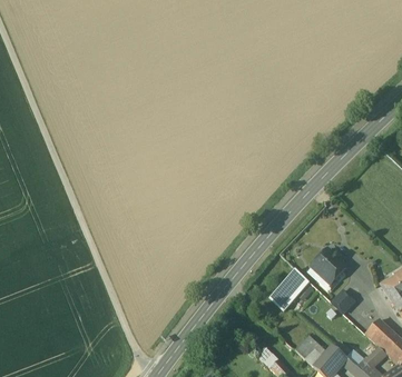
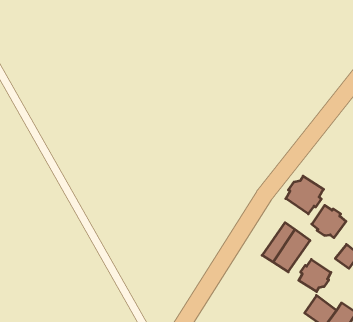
building: none -> [286,176,324,214]
building: none -> [299,259,331,292]

